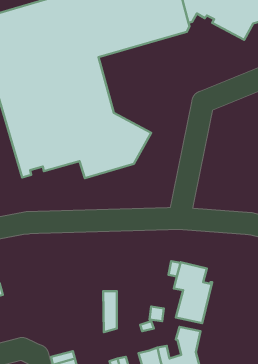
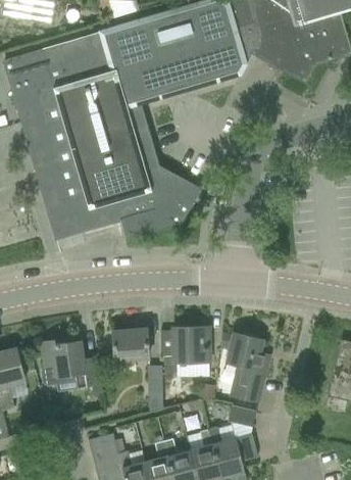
building: none -> [160,327,209,373]
building: none -> [113,329,149,361]
building: none -> [41,339,103,396]

